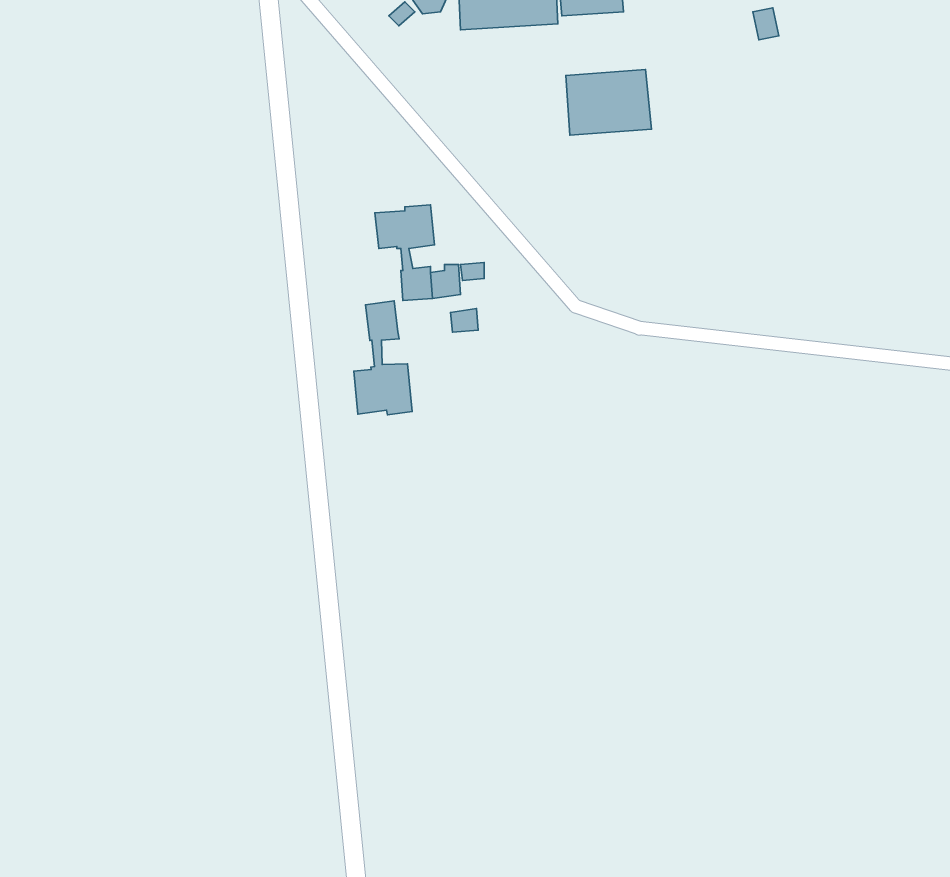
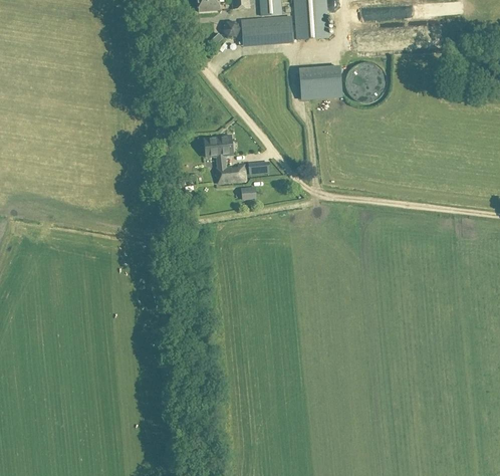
building: none -> [345,60,387,101]
building: [354,301,412,415] -> none

